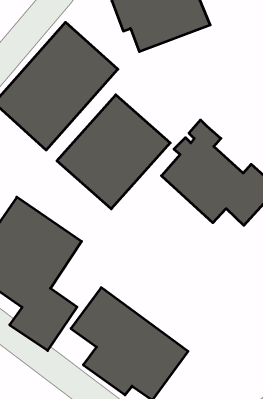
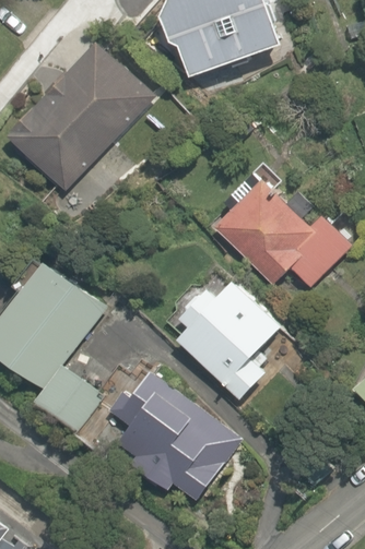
building: [57,95,170,209] -> none
building: none -> [155,275,284,406]

